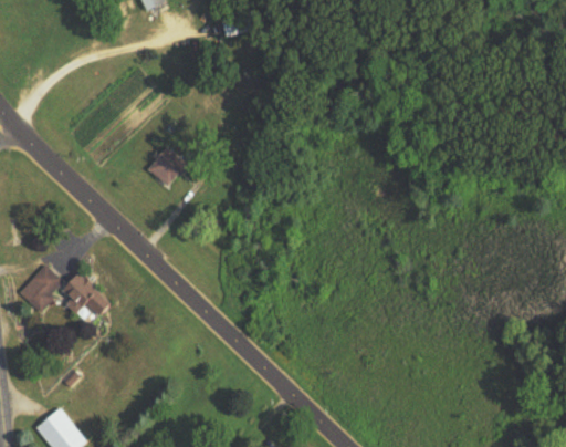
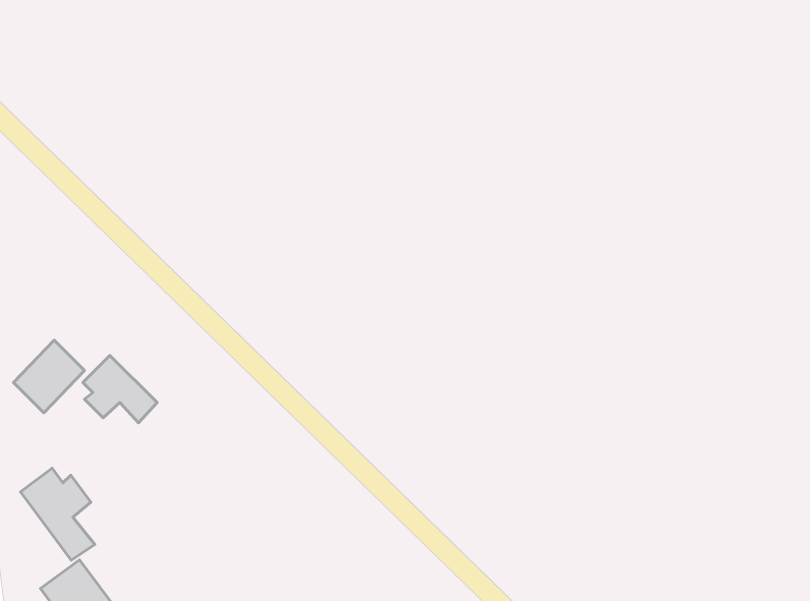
building: [147,148,186,186] -> none
building: none -> [20,468,95,560]

